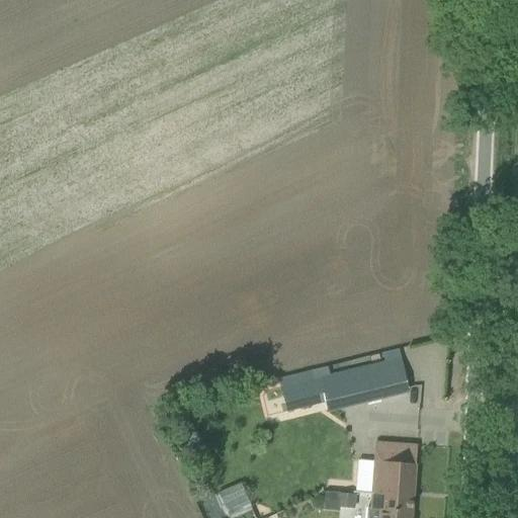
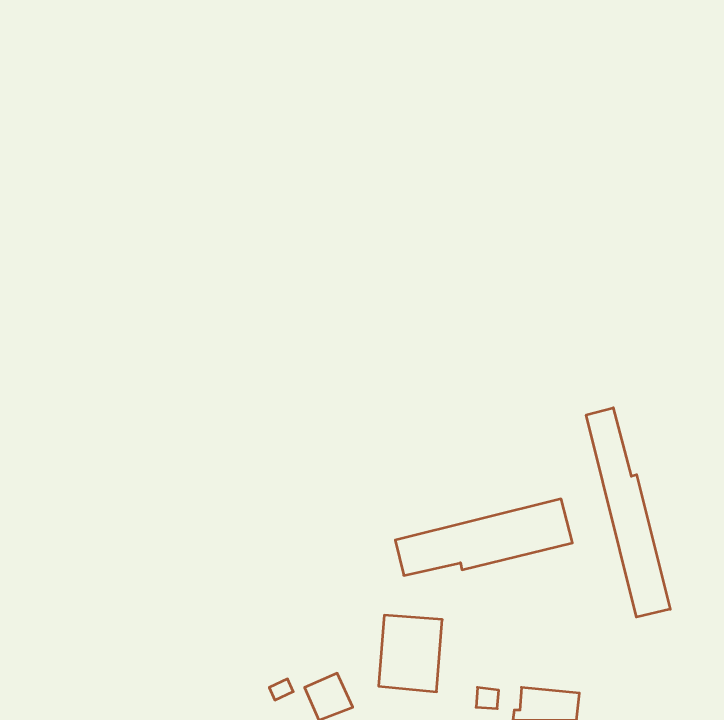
building: none -> [586,408,670,617]
building: [372,440,418,495] -> [379,615,442,692]

